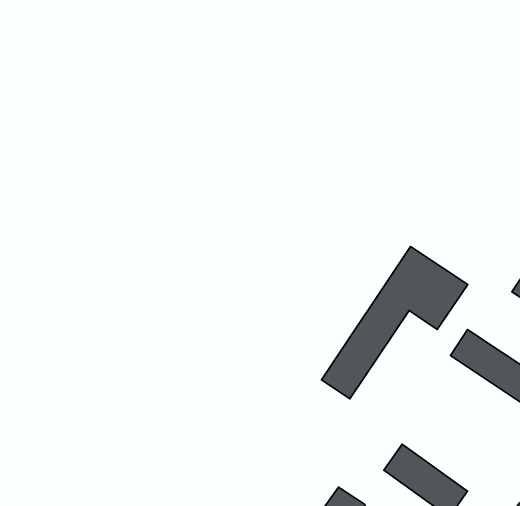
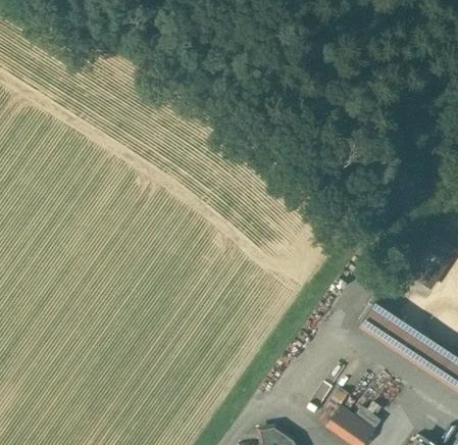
building: [322,247,468,399] -> none

